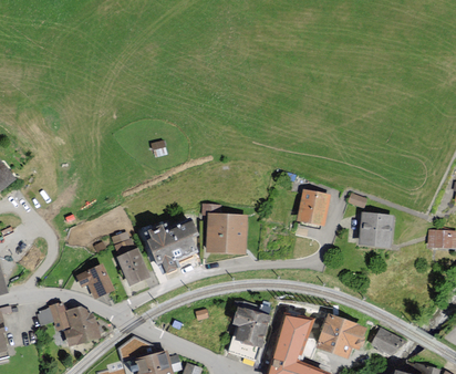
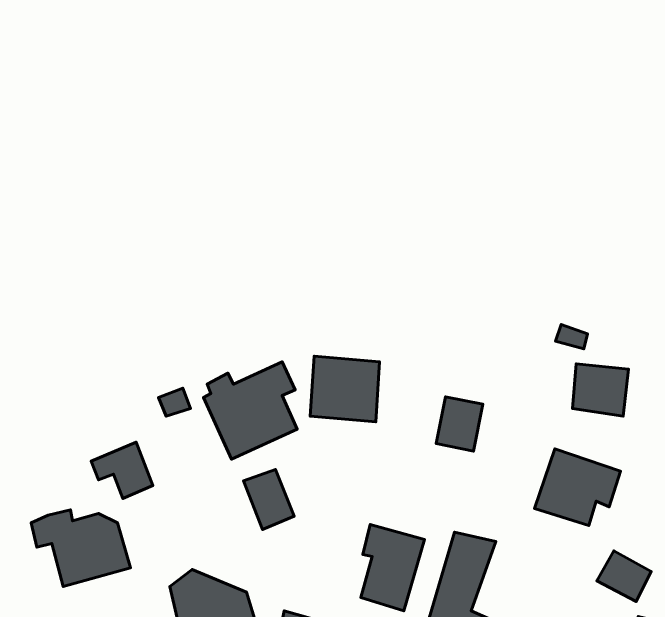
building: [297,193,324,225] -> [436,397,483,451]
building: [114,249,144,284] -> [244,470,294,529]
building: [313,308,364,353] -> [534,449,621,526]

